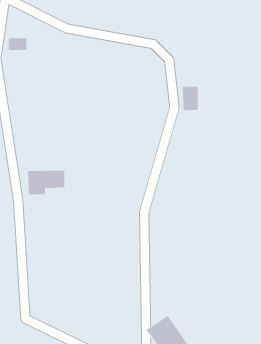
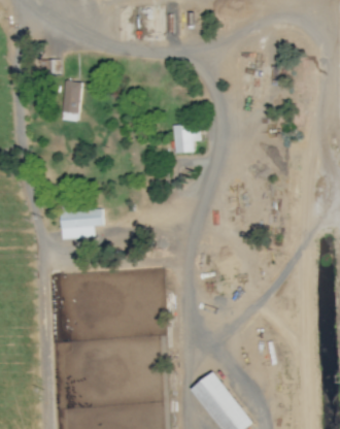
building: none -> [63,82,79,123]
building: [182,86,198,111] -> [173,127,192,155]

